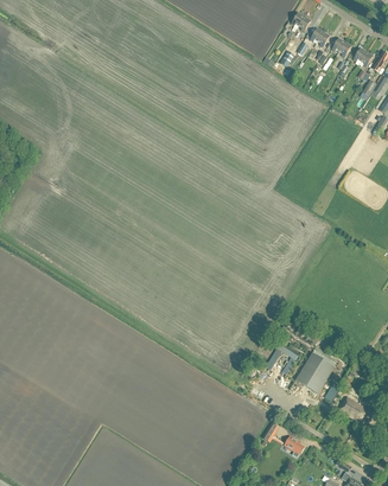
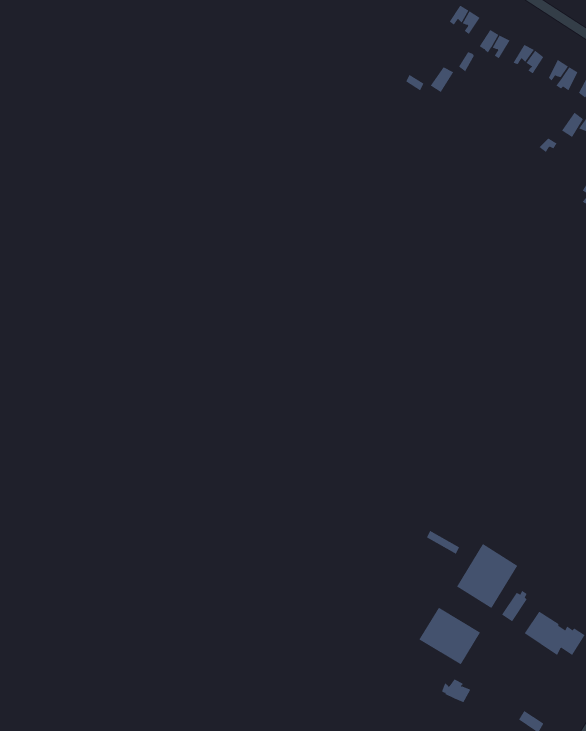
building: none -> [419,607,481,665]

